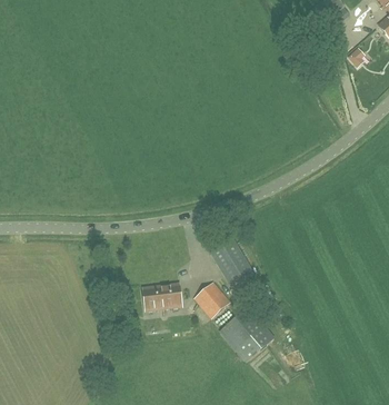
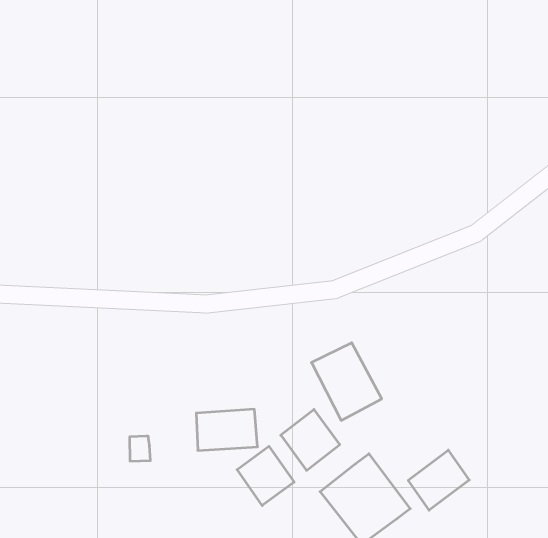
building: none -> [408,450,469,510]
building: none -> [237,446,294,506]

